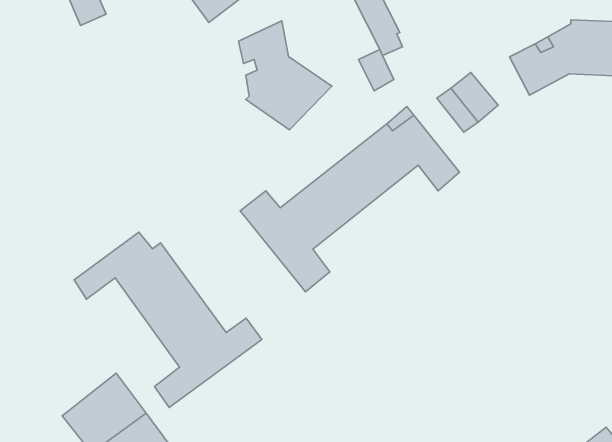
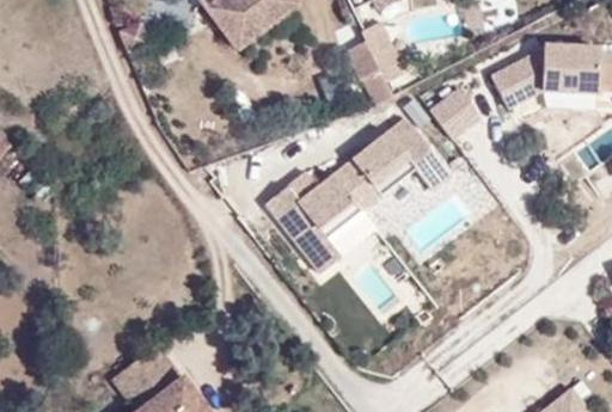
building: [238,21,332,130] -> none
building: [74,232,262,408] -> none

